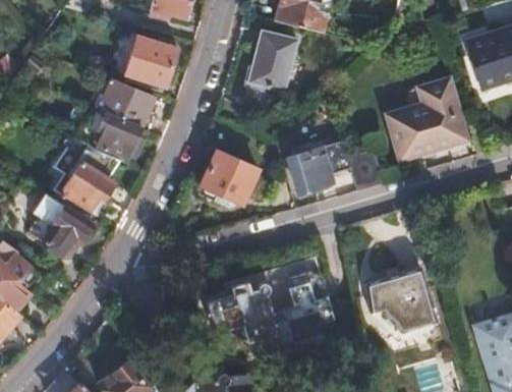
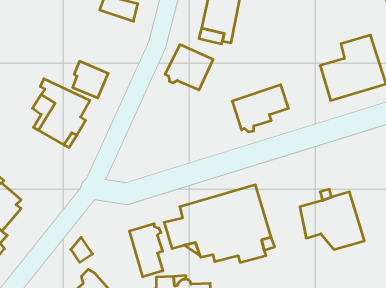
building: [124,52,170,85] -> none
building: [105,80,153,126] -> none
building: [200,151,255,204] -> [165,45,213,90]
building: [34,205,96,257] -> none
building: none -> [129,224,163,277]

